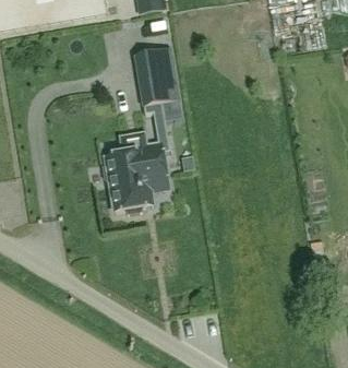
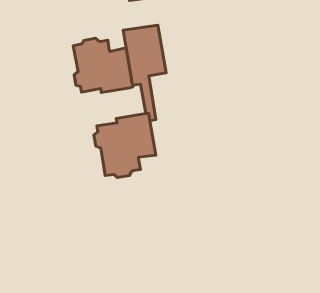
building: none -> [73,38,133,92]

